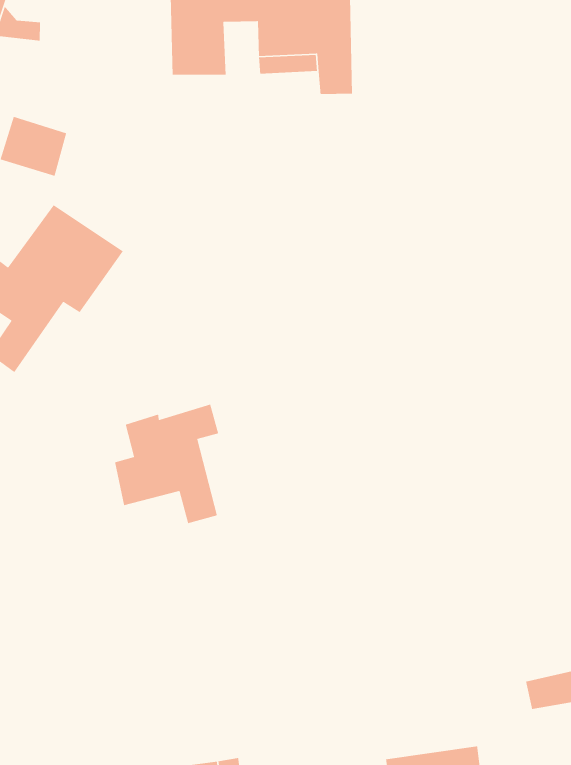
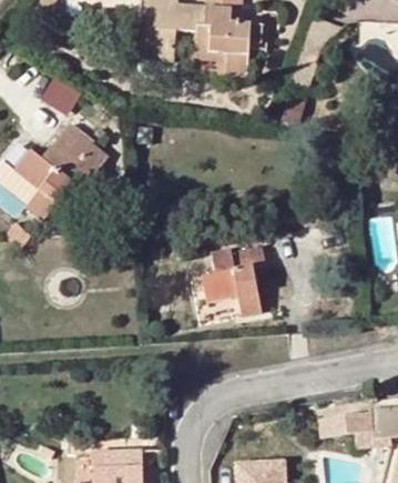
building: [114,403,219,524] -> [203,248,264,315]

